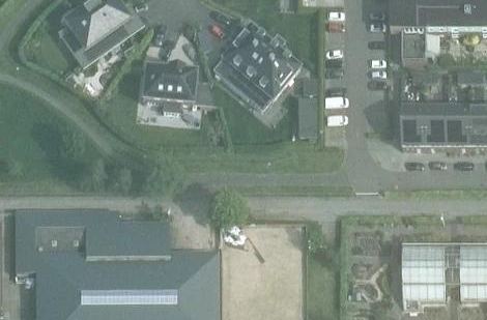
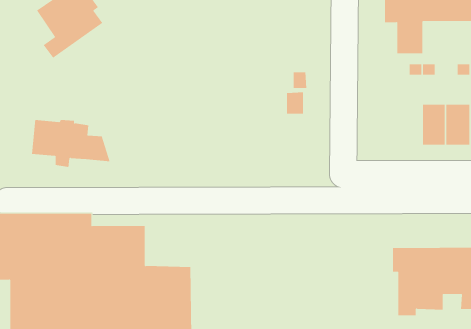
building: [213,22,299,108] -> none
building: [142,66,216,111] -> [31,119,110,167]
building: [402,108,426,146] -> none

